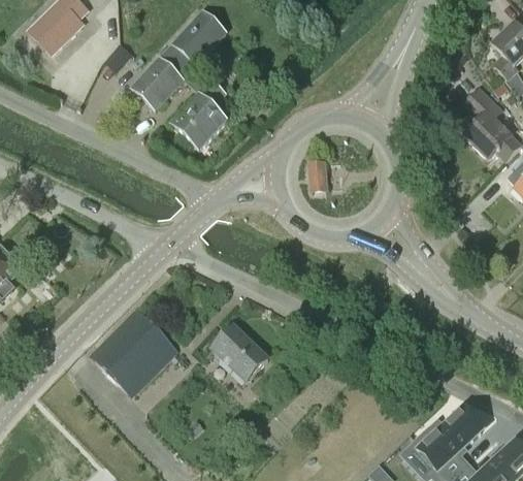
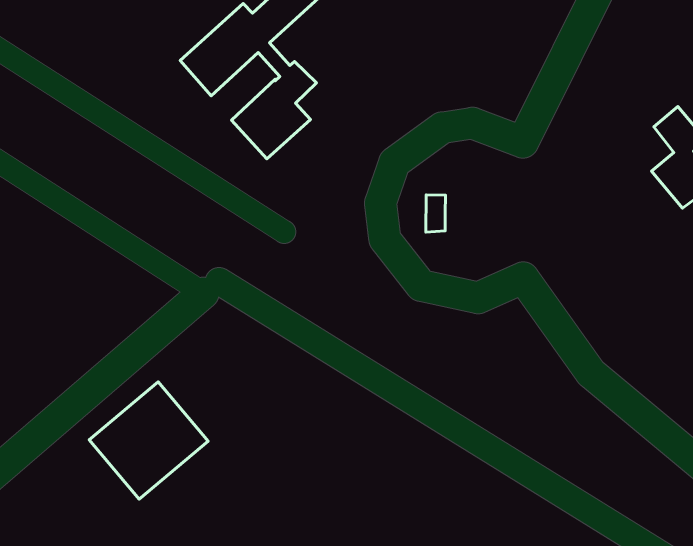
building: [211,326,266,380] -> none

